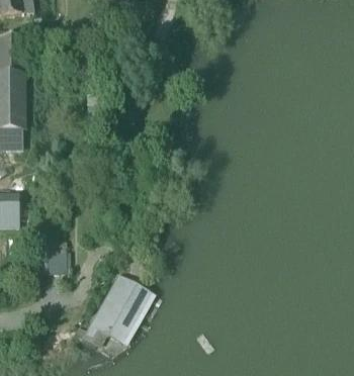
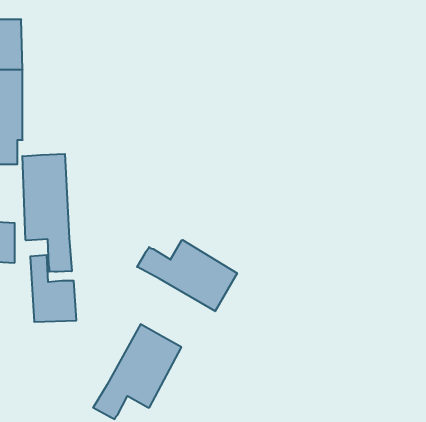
building: none -> [22,154,72,272]
building: none -> [137,240,237,311]

